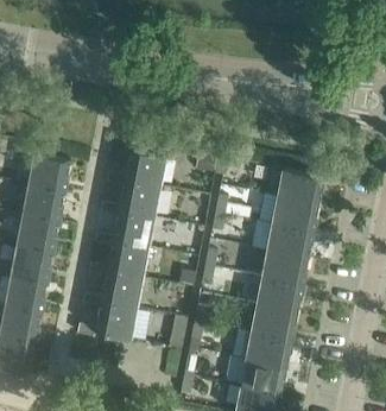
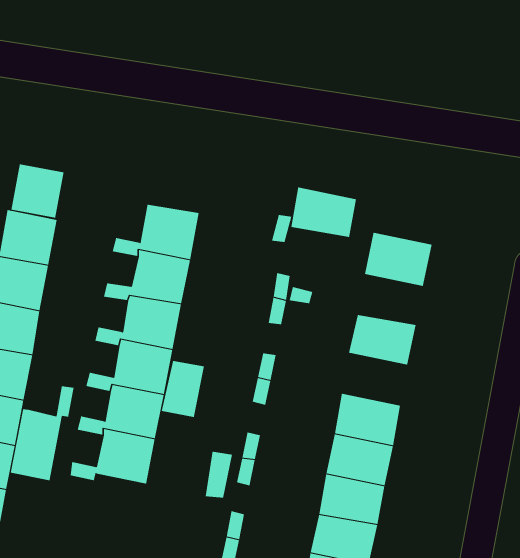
building: none -> [11,164,64,218]
building: [272,196,317,230] -> [290,187,357,238]
building: [261,249,306,285] -> none
building: none -> [161,360,204,418]
building: none -> [10,386,74,481]

